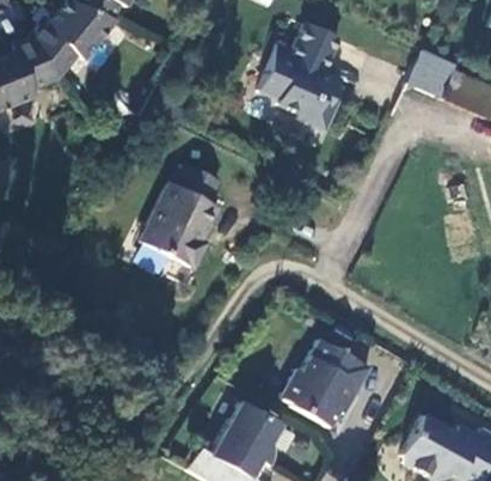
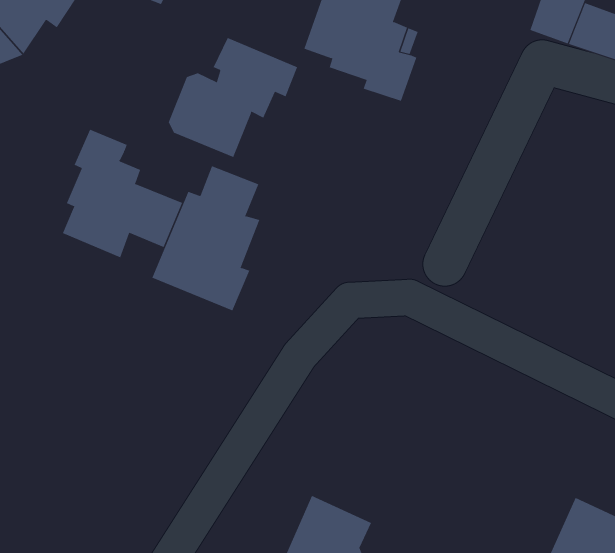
building: none -> [168,37,298,158]
building: none -> [62,129,183,258]
building: [280,336,369,425] -> none

